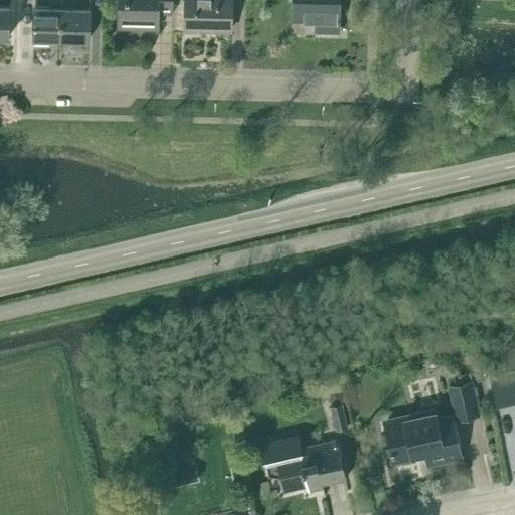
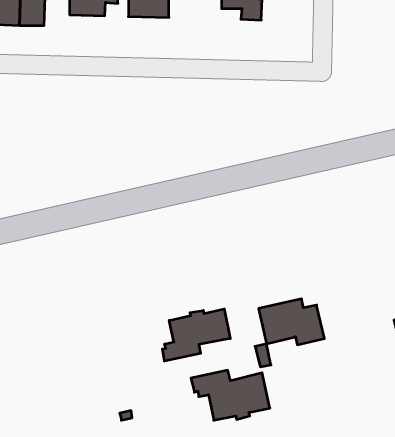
building: none -> [162,309,230,361]
building: [449,375,479,422] -> none
building: [384,412,460,465] -> [259,299,324,345]

